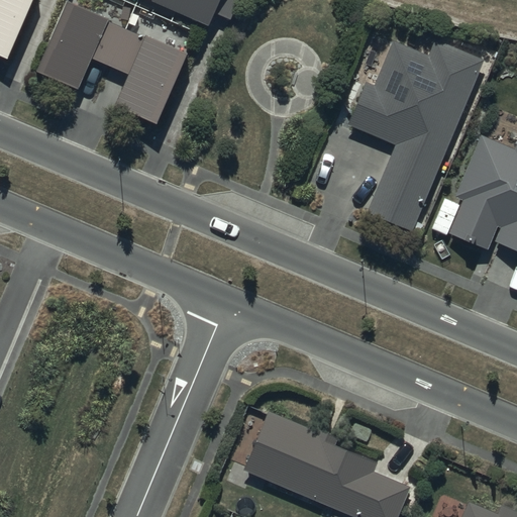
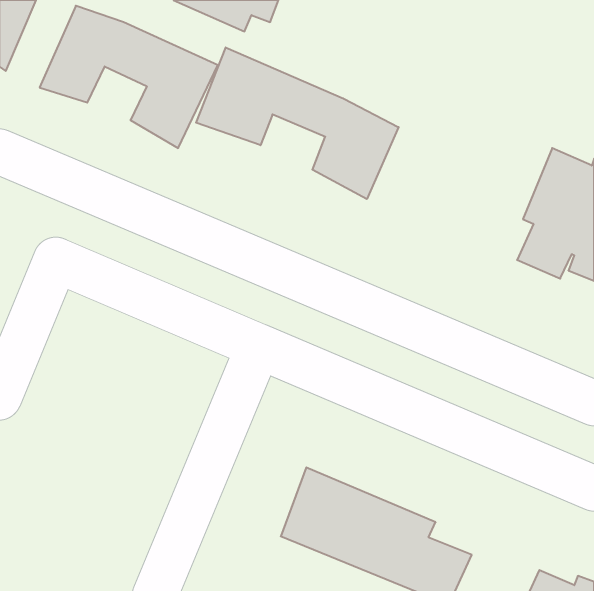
building: [339,36,490,230] -> none
building: none -> [196,47,399,199]

